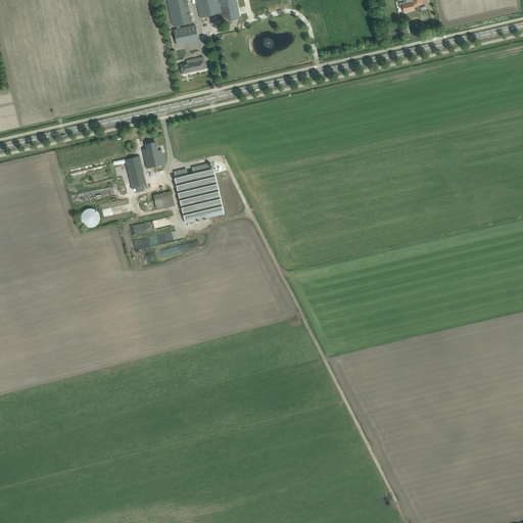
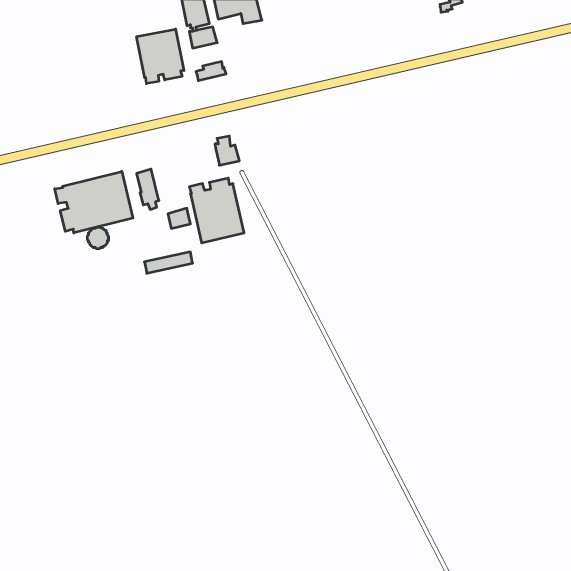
building: none -> [137,29,184,84]
building: [142,141,164,168] -> [215,136,239,165]
building: none -> [55,171,133,233]

